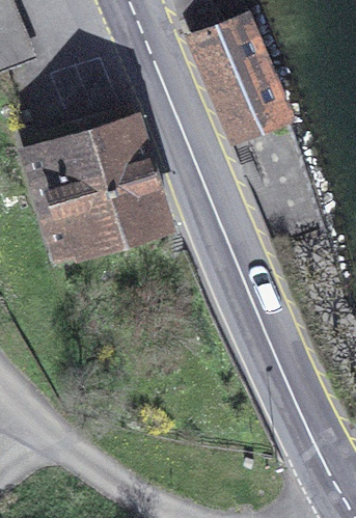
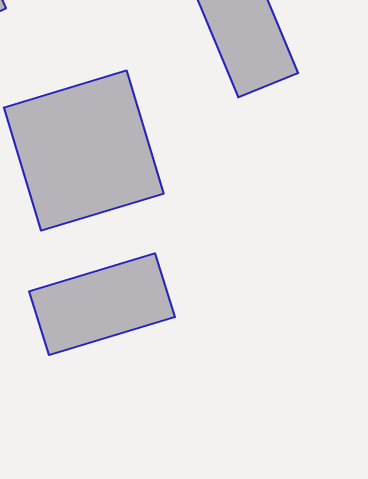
building: none -> [29,253,175,355]

